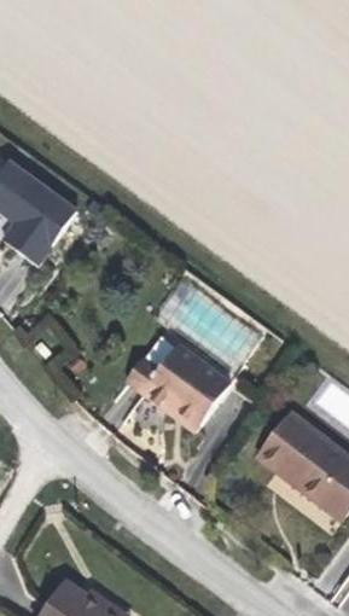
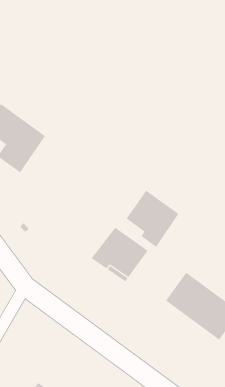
building: none -> [126,190,179,248]

